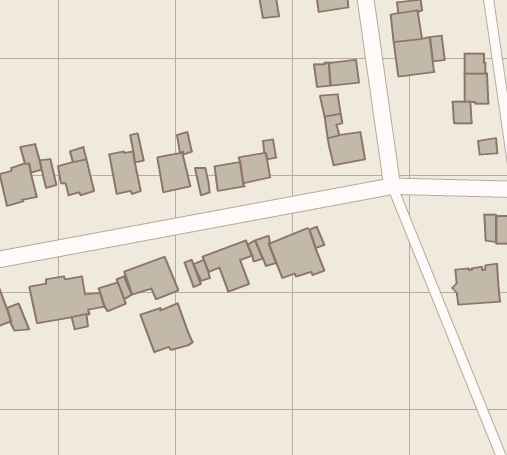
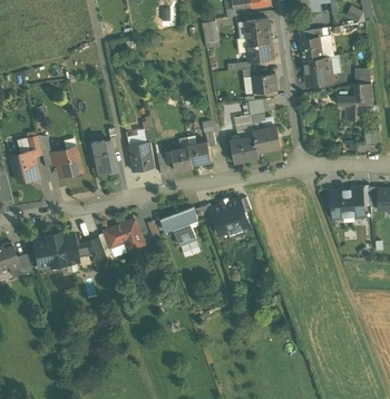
building: none -> [247,33,273,60]
building: none -> [232,136,260,160]
building: [452,264,500,304] -> [329,186,364,216]
building: [140,303,193,352] -> none

